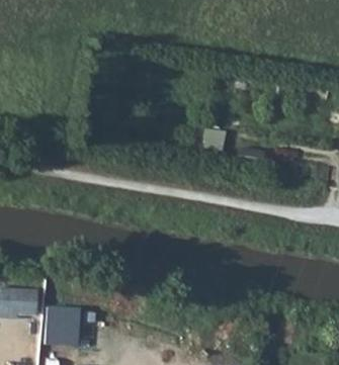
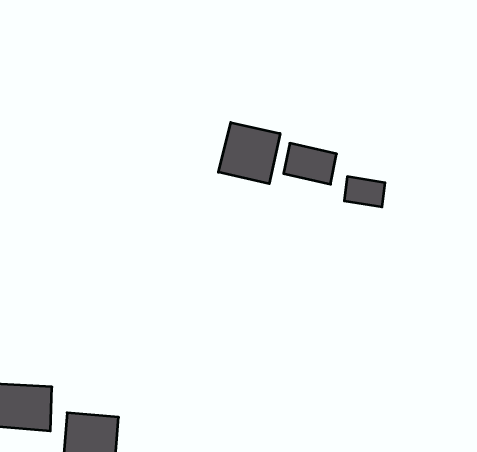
building: none -> [218,122,280,184]

